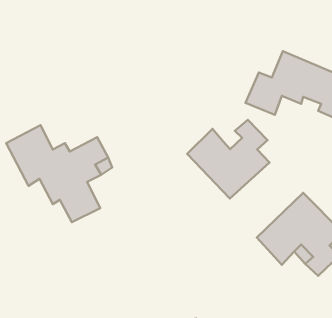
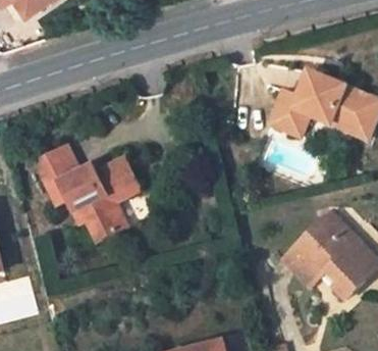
building: [187,120,269,199] -> none

